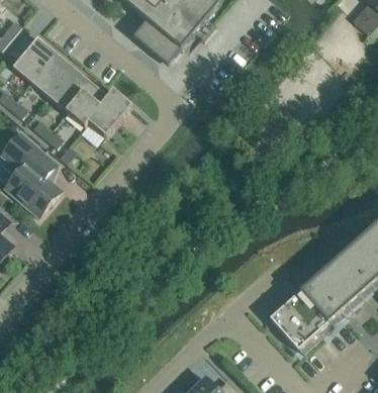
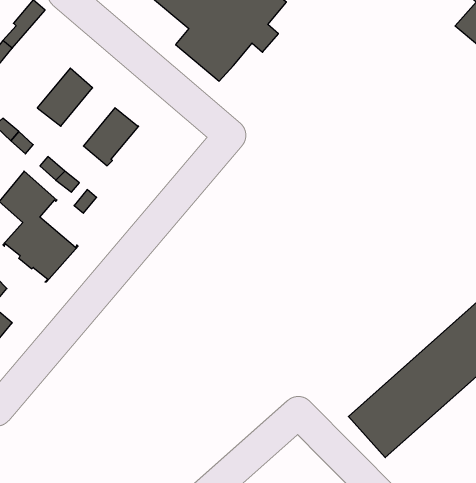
building: [11,37,55,83] -> none
building: [48,68,89,112] -> none
building: [86,91,130,137] -> none

